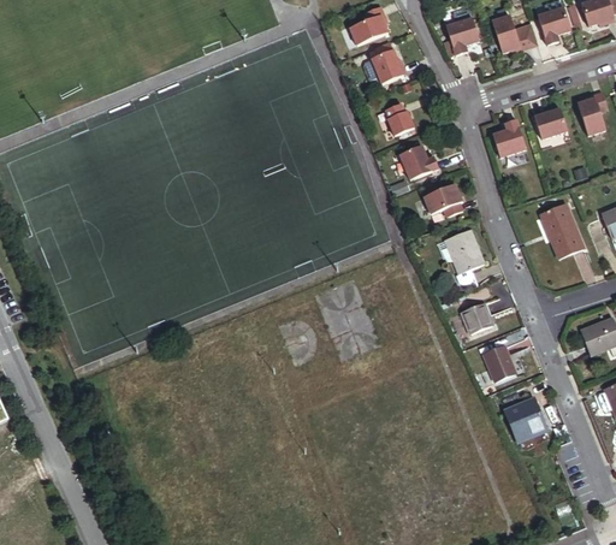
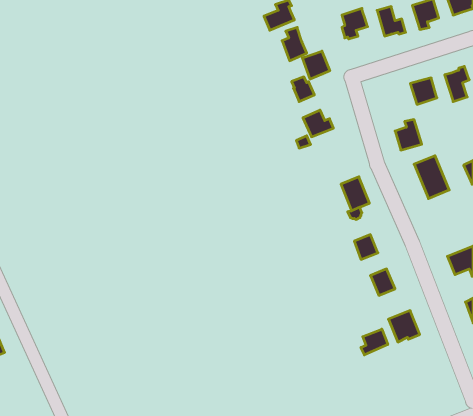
building: none -> [302,51,330,79]
building: [493,118,527,156] -> [395,120,422,150]
building: [422,184,462,217] -> none
building: none -> [361,329,388,355]

